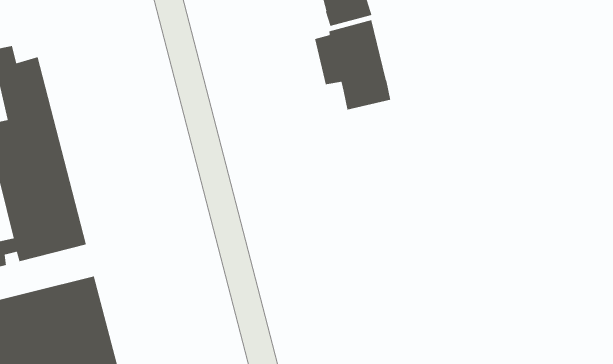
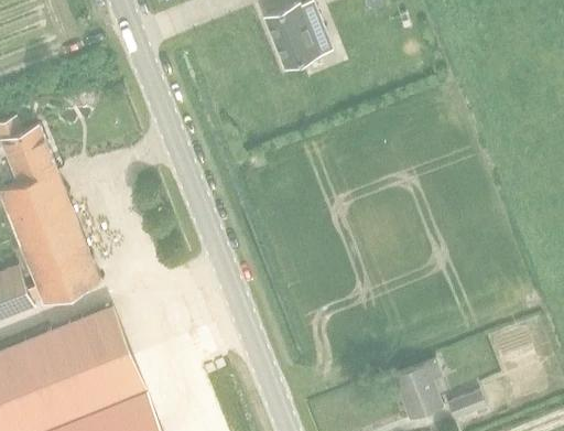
building: [314,19,391,110] -> none

